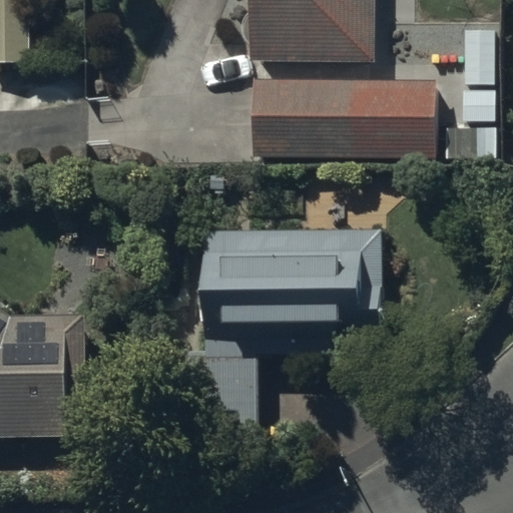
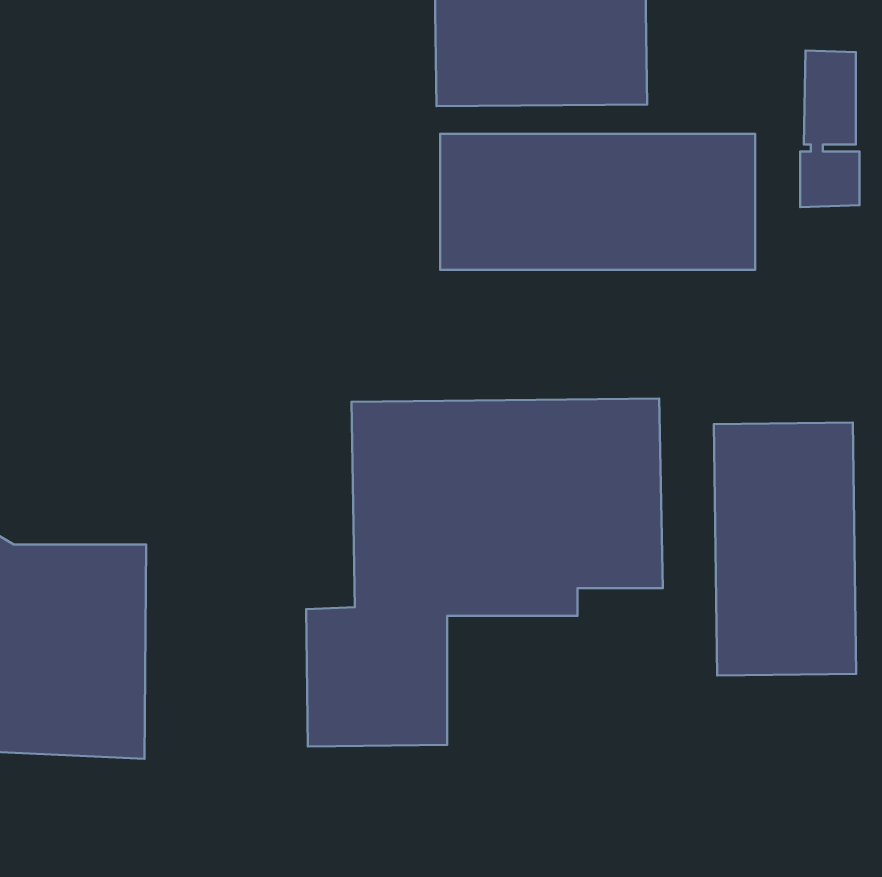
building: none -> [714,422,856,675]

